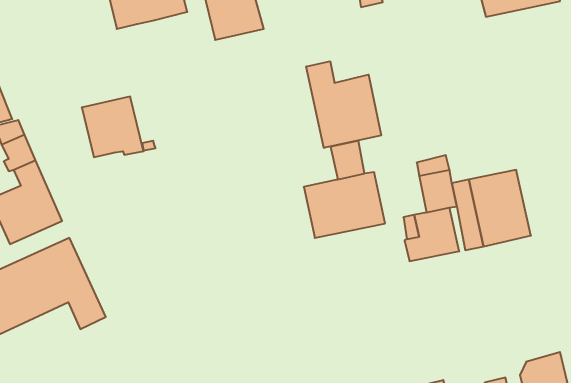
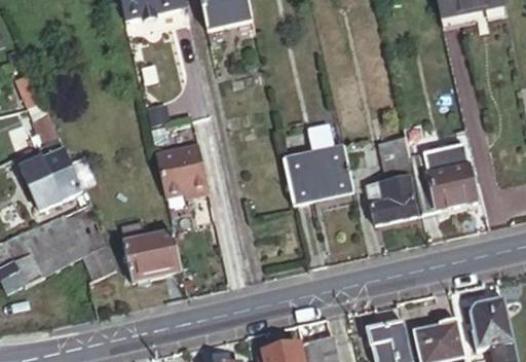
building: [306,61,381,148] -> none
building: [82,97,144,157] -> [155,144,208,195]
building: none -> [121,229,182,282]

